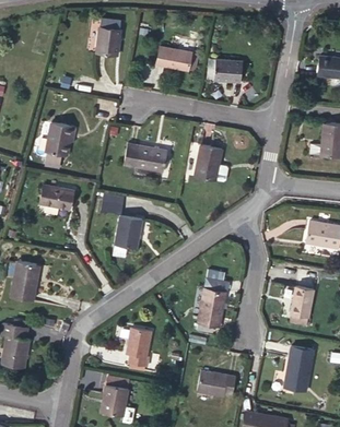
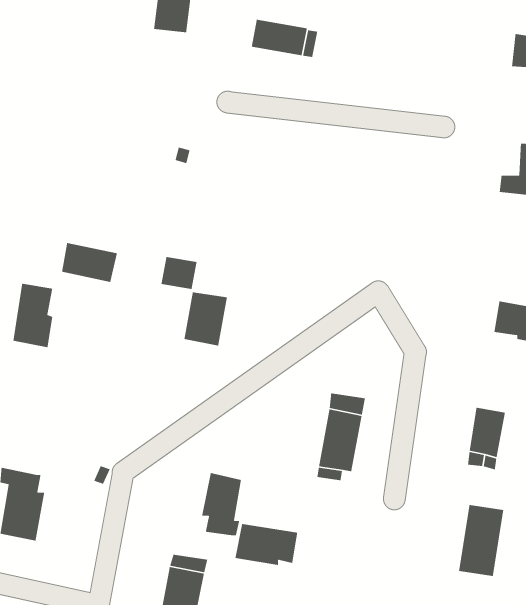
building: [214,59,243,82] -> none
building: [45,122,75,166] -> none
building: [124,143,167,173] -> none
building: [194,144,228,181] -> none
building: [11,261,36,301] -> [13,283,53,348]
building: [197,370,236,396] -> [234,523,298,566]

